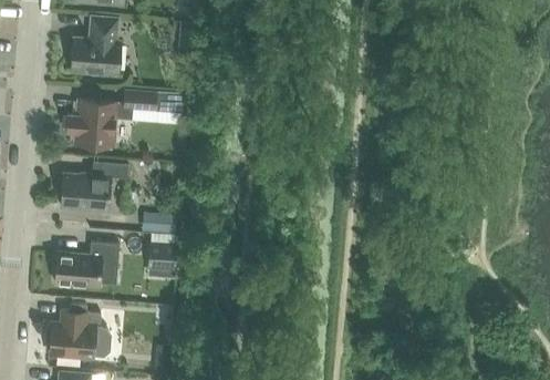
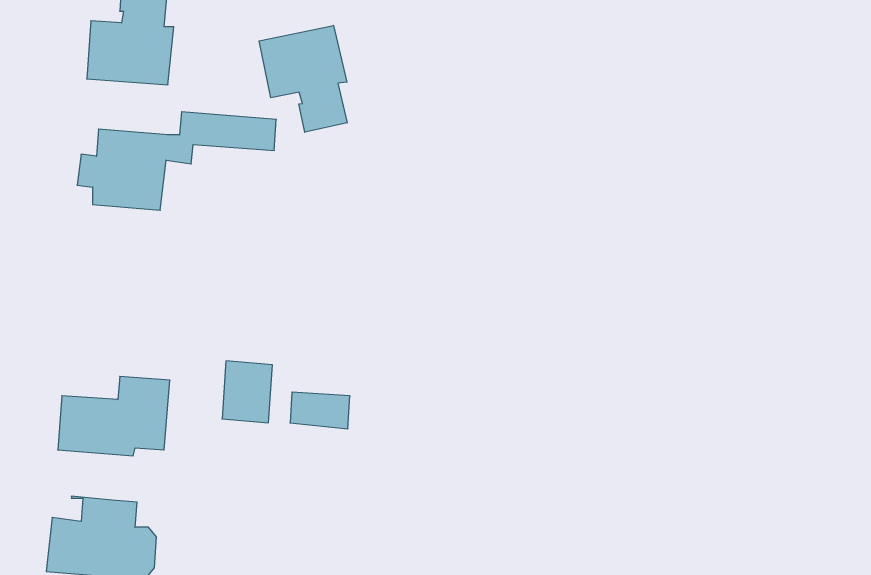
building: none -> [259,25,347,132]
building: [60,162,127,210] -> none
building: [142,212,176,233] -> [290,392,350,429]

